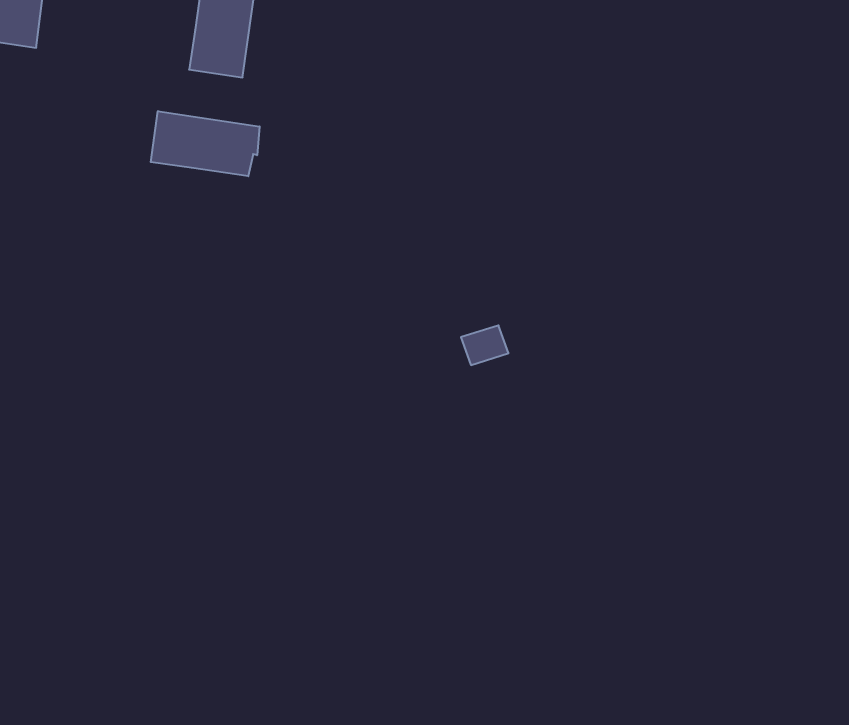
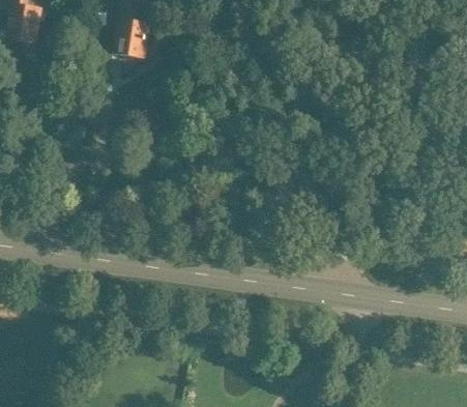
building: [151,111,260,176] -> none

